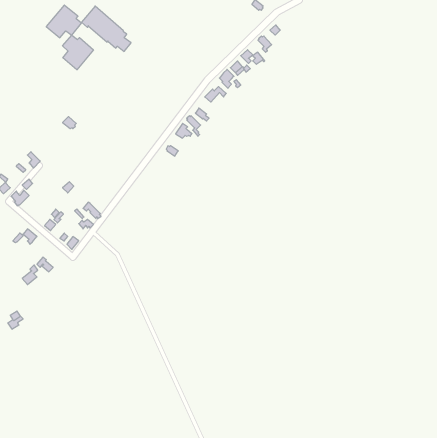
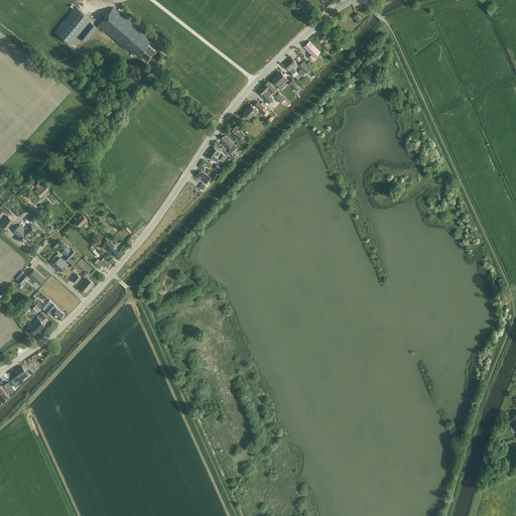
building: [63,35,93,70] -> none

